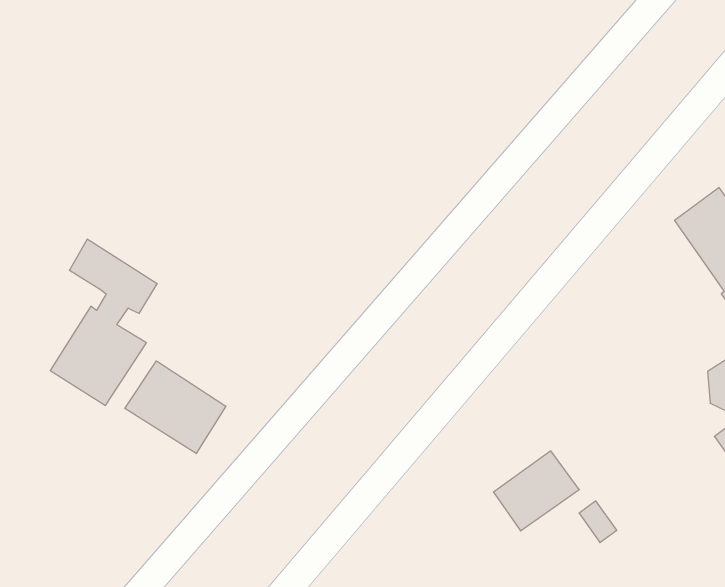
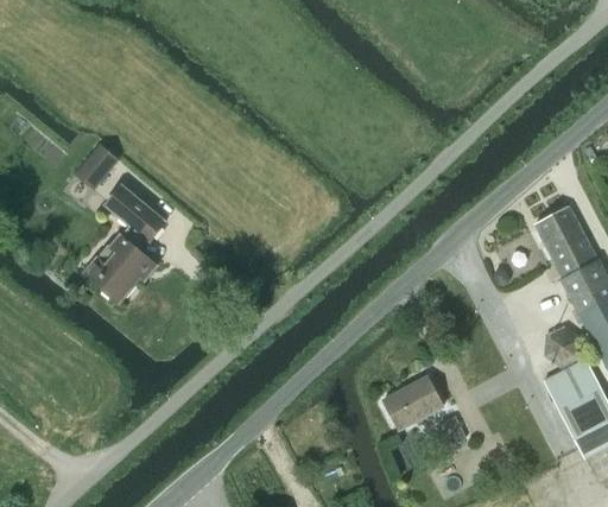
building: none -> [76,144,119,188]
building: [125,361,226,454] -> none

